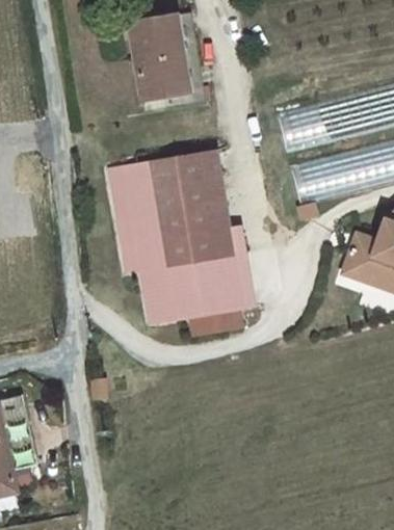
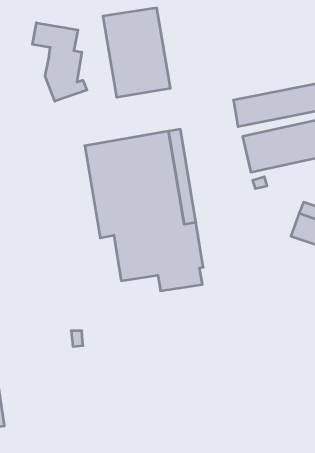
building: none -> [32,23,87,101]

